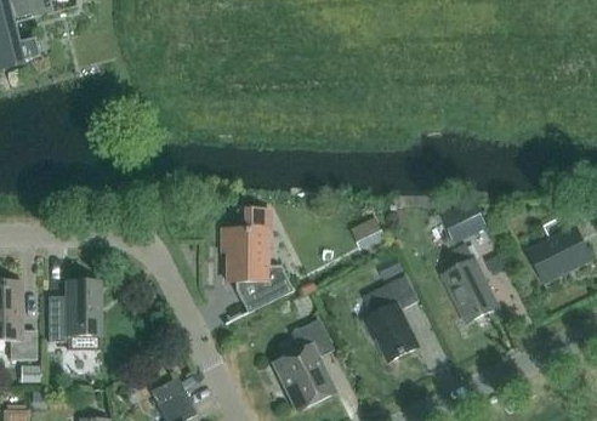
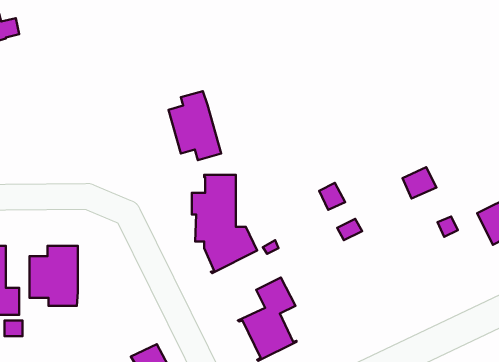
building: none -> [169,91,221,160]
building: [444,244,499,322] -> none
building: [364,274,420,362] -> none

